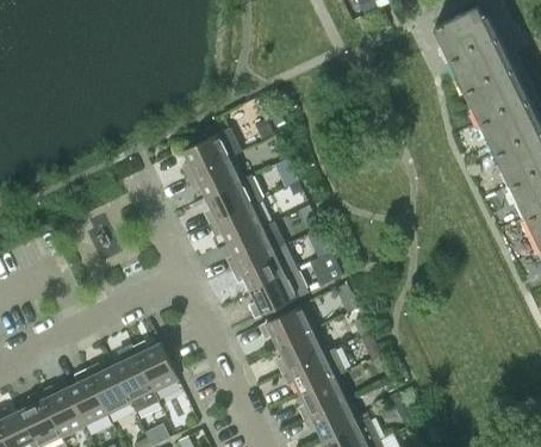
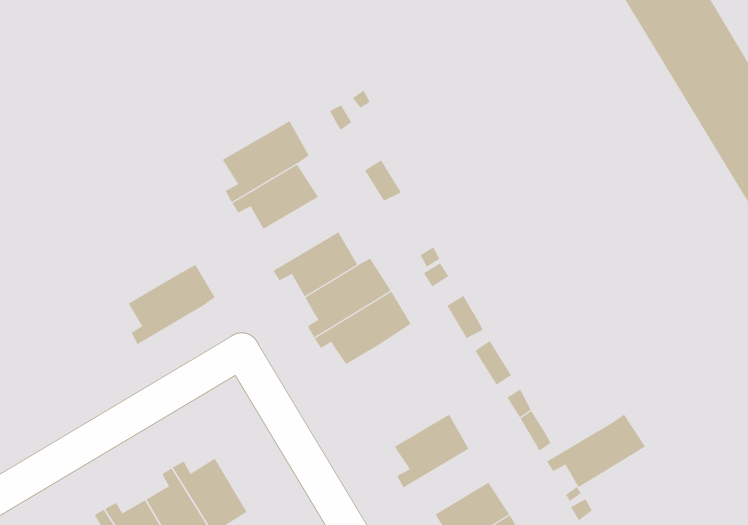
building: [206,176,263,225] -> [128,264,215,345]
building: [250,268,309,319] -> none
building: [259,305,316,347] -> none
building: [281,348,347,393] -> [546,414,646,488]

